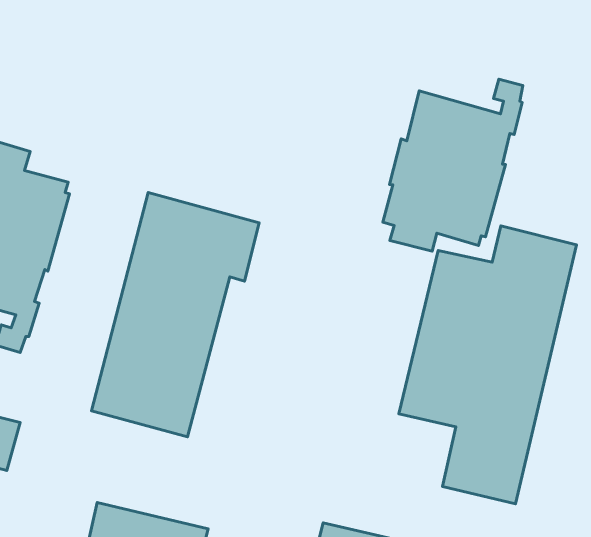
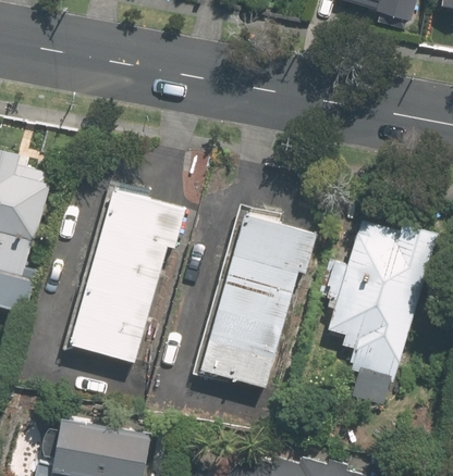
building: [383,79,523,251] -> none
building: none -> [192,206,310,399]

